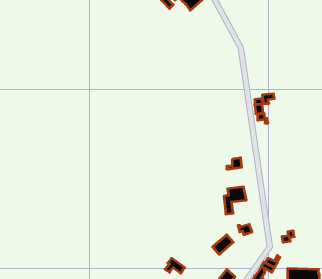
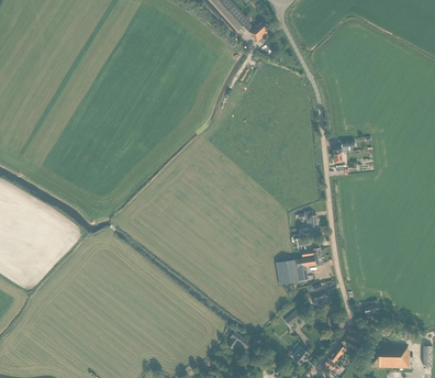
building: none -> [276,260,299,285]

